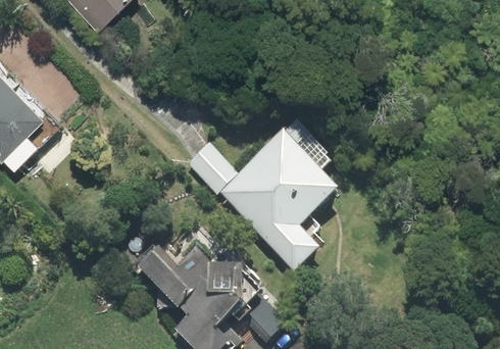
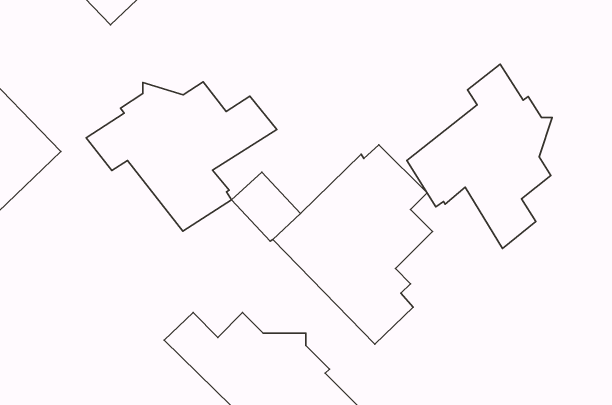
building: none -> [407,64,552,248]
building: none -> [86,82,277,231]

